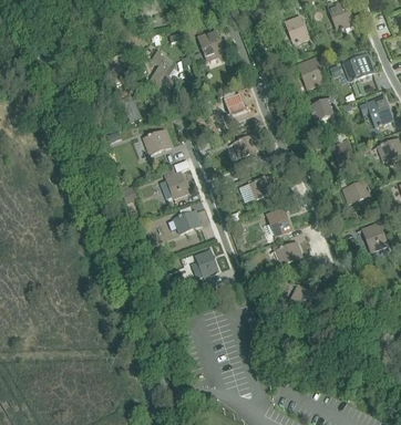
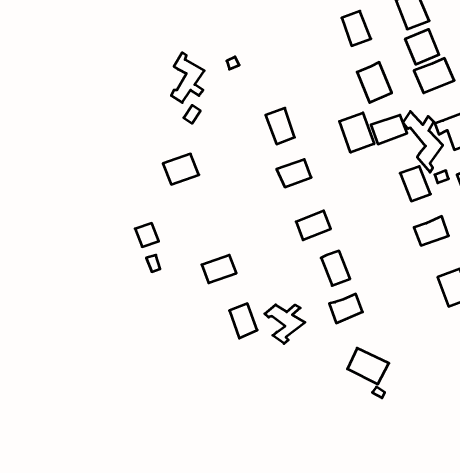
building: [197,29,224,61] -> none
building: none -> [405,29,439,64]
building: none -> [403,111,443,172]
building: none -> [339,113,374,152]
building: [161,170,188,198] -> none
building: none -> [265,305,305,344]

